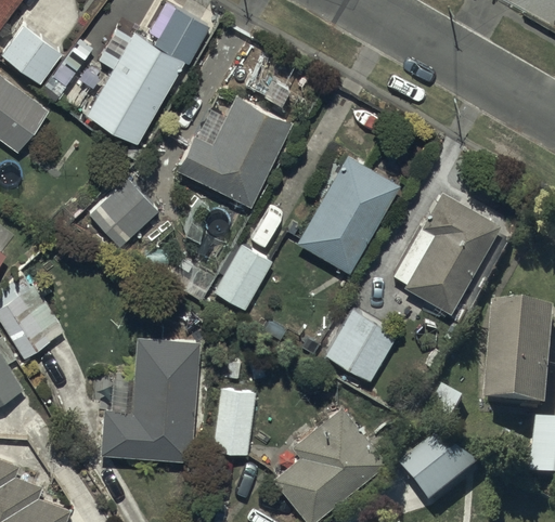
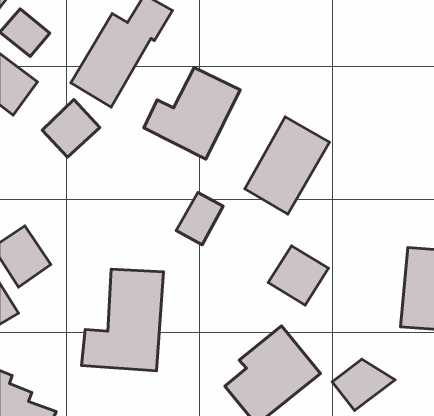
building: [89,180,158,249] -> [42,100,100,157]
building: [395,191,503,318] -> none
building: [214,389,255,454] -> none

